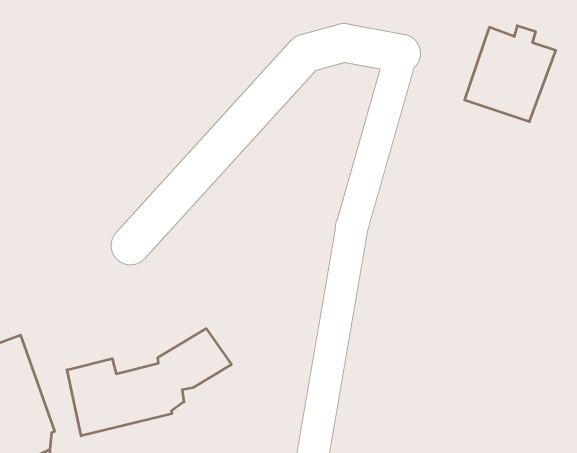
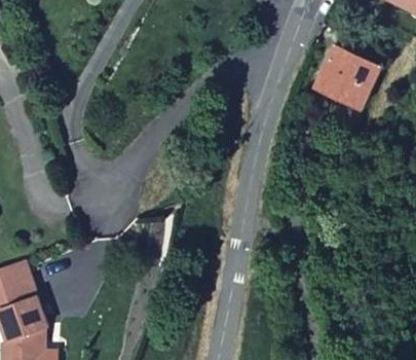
building: [67,329,231,436] -> none

